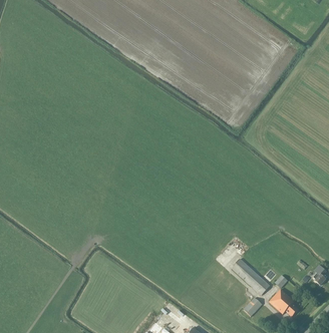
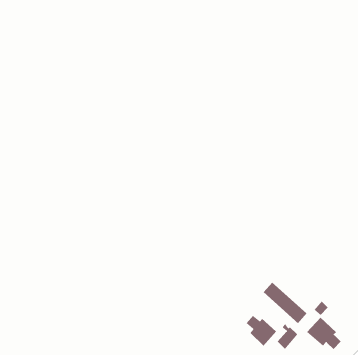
building: none -> [246,315,277,346]

